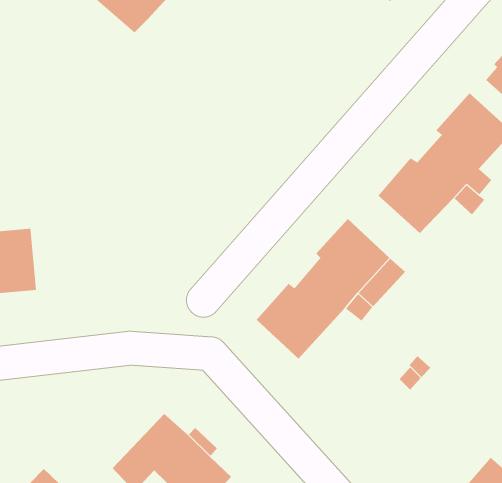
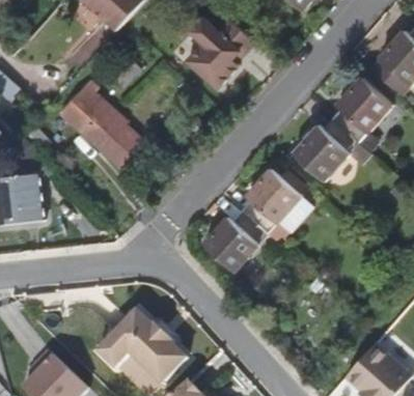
building: none -> [185,16,254,88]
building: none -> [61,83,134,159]

